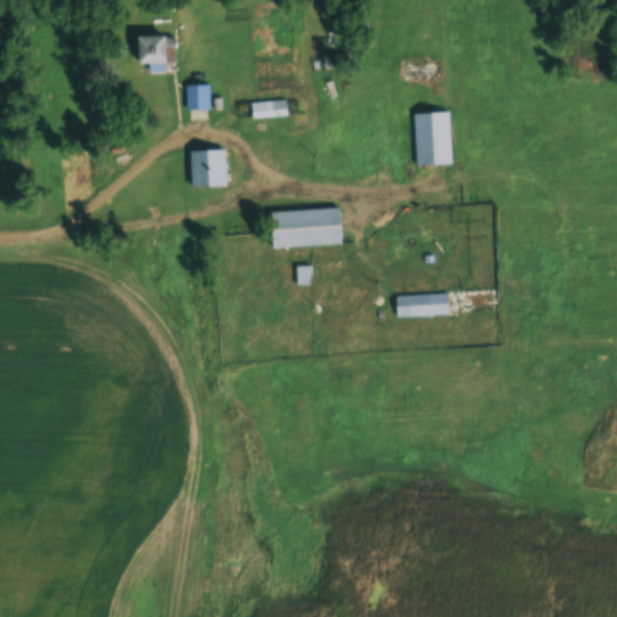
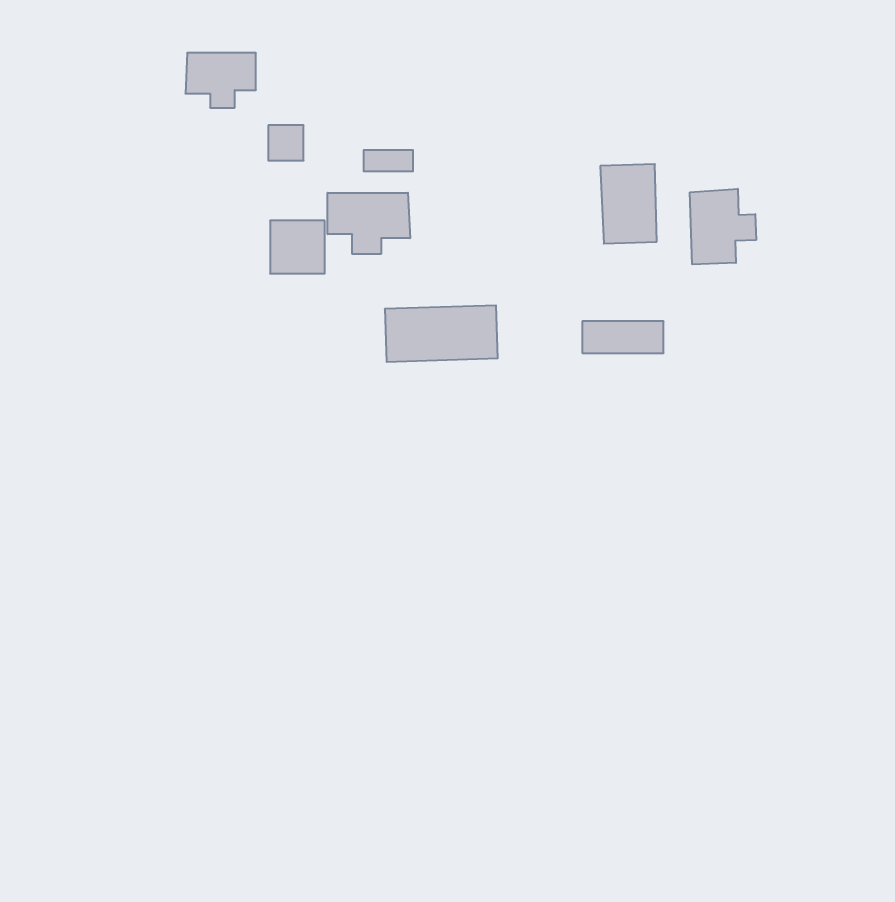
building: none -> [690,189,756,264]
building: none -> [328,193,410,254]
building: [394,294,449,316] -> [582,321,664,353]

